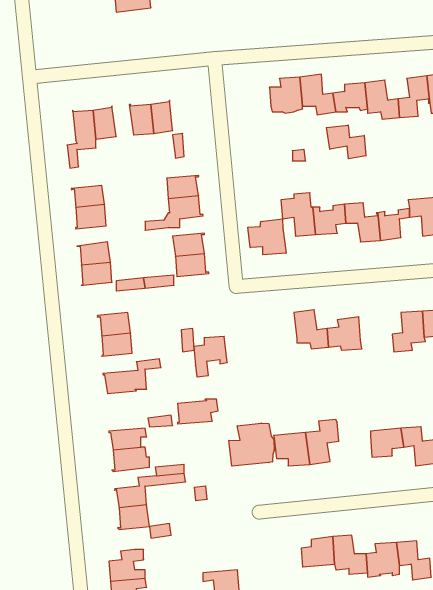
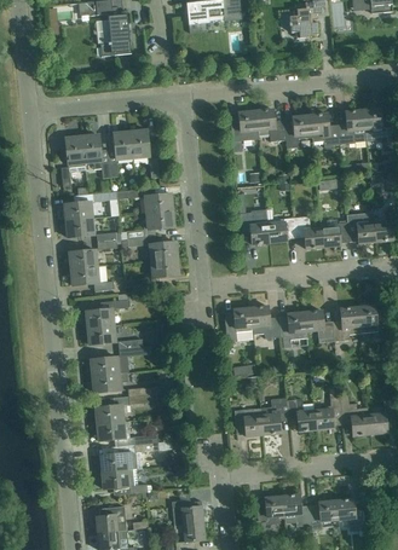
building: [326,125,366,159] -> none
building: [248,219,286,255] -> none
building: none -> [305,309,334,342]
building: [194,336,227,377] -> [225,307,253,341]
building: [178,399,218,424] -> [94,371,128,392]
building: none -> [287,398,316,430]
building: [229,423,274,466] -> none
building: none -> [172,499,203,525]

